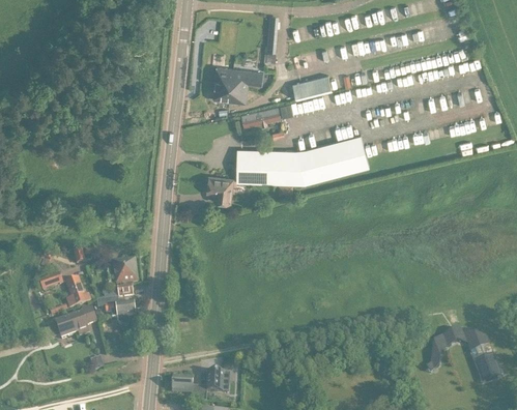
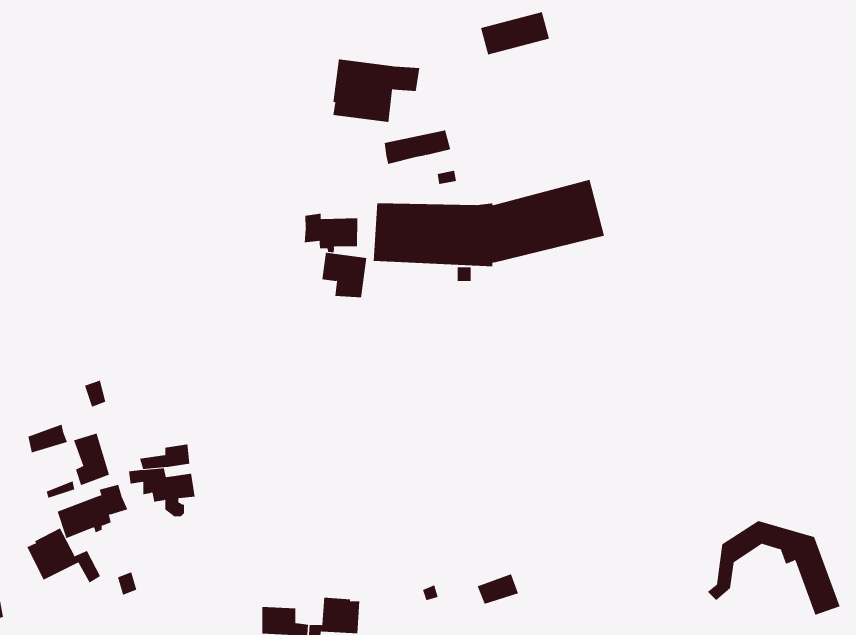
building: [292,76,332,100] -> [480,11,550,55]
building: none -> [304,213,358,253]
building: [114,260,138,286] -> none
building: none -> [26,528,101,584]

